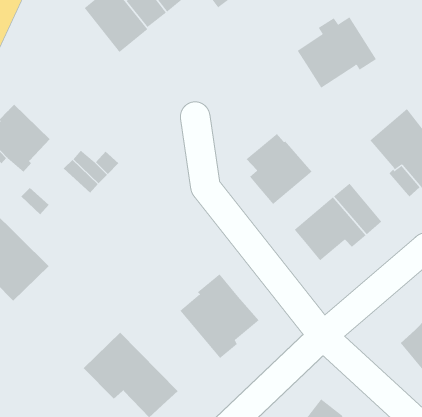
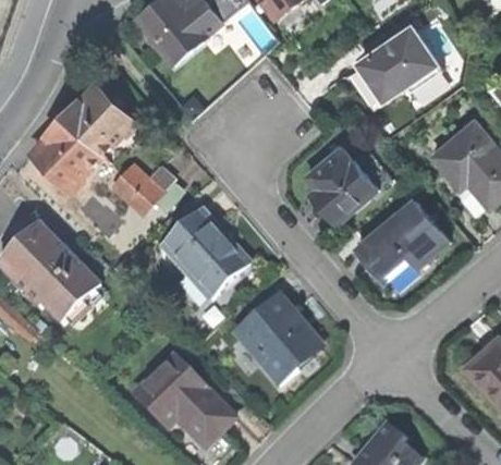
building: none -> [62,84,134,154]
building: none -> [160,208,248,298]

